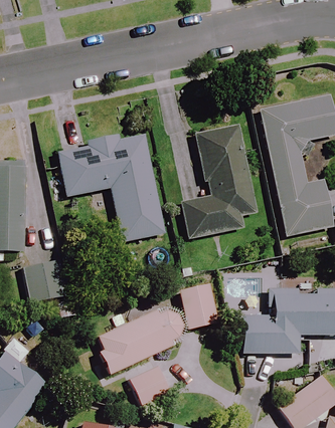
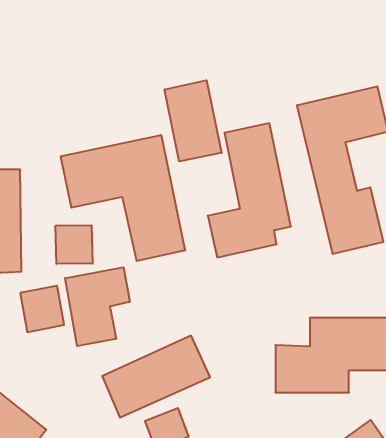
building: none -> [165,80,222,161]
building: none -> [56,225,93,264]
building: none -> [65,267,130,346]
building: [180,283,221,329] -> none

